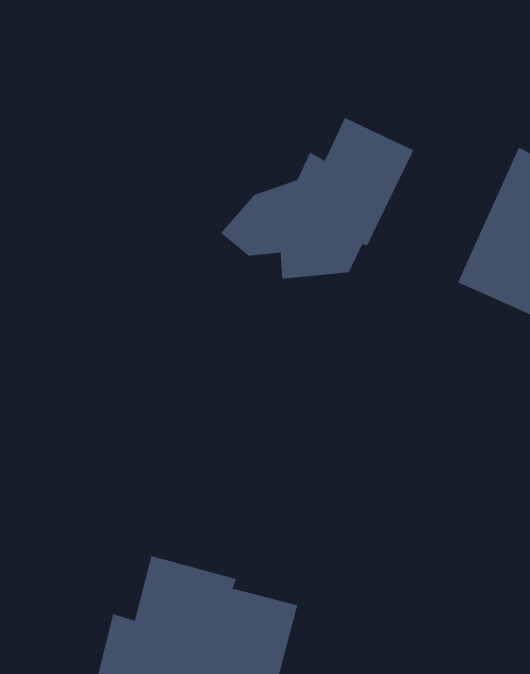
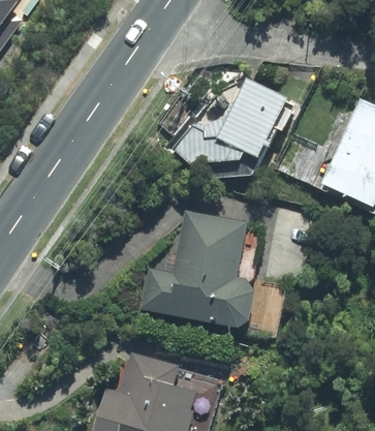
building: none -> [139,211,259,328]

